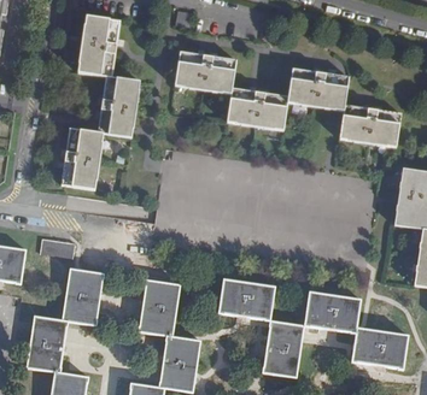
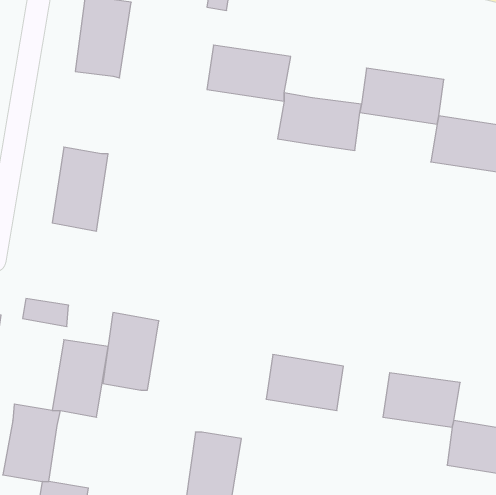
building: [98,76,140,137] -> none
building: [139,279,180,336] -> [103,313,159,390]
building: [263,320,304,377] -> none

